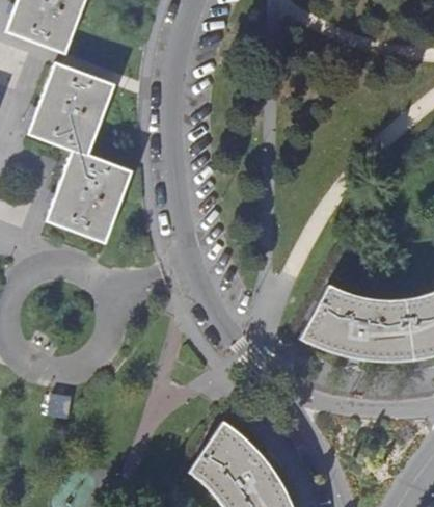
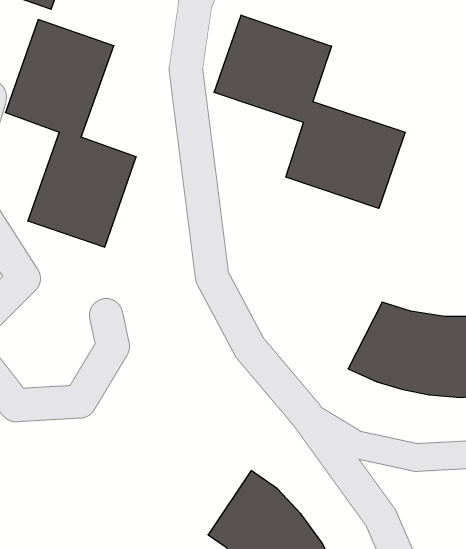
building: none -> [214,15,405,208]

